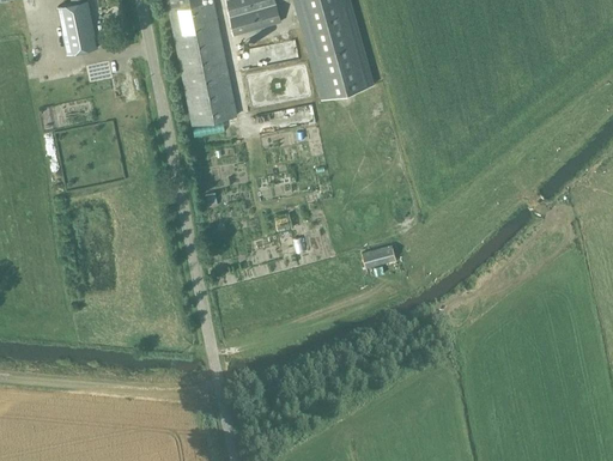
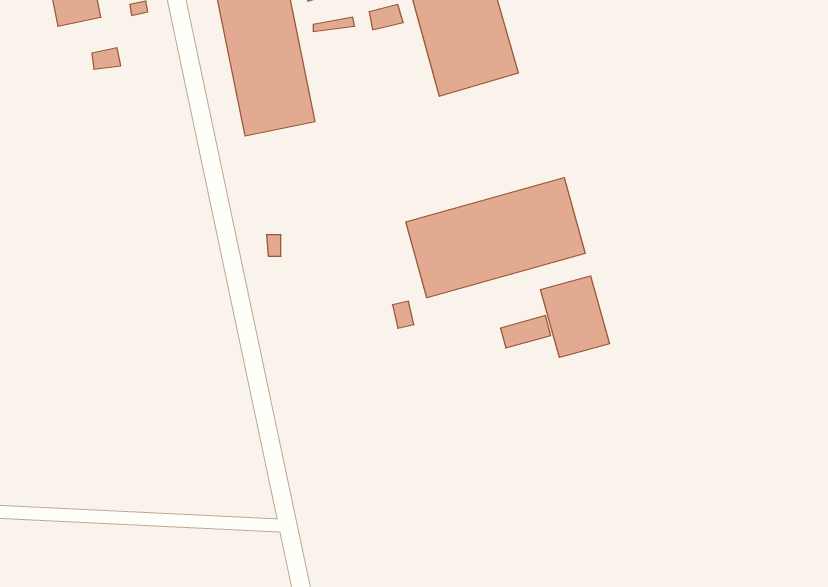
building: none -> [406,178,585,298]
building: none -> [540,276,609,357]

